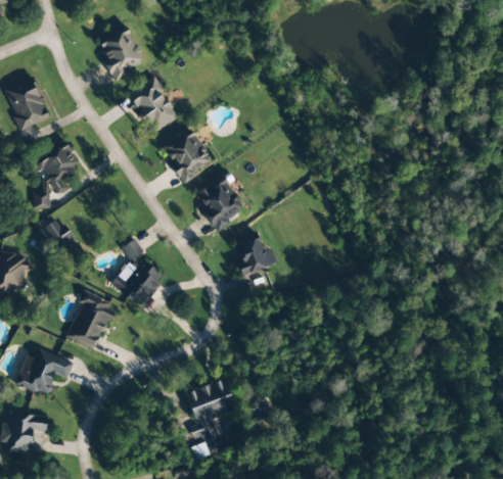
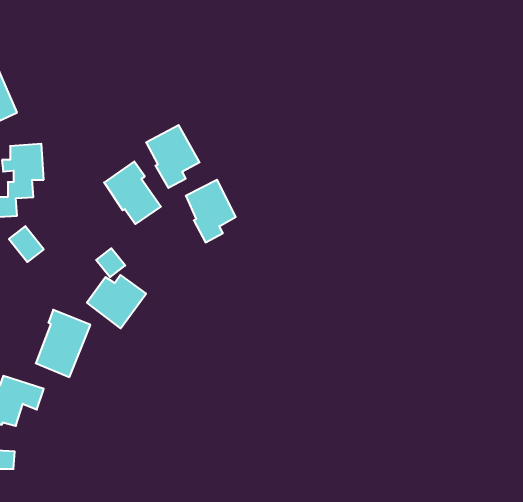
building: [97,27,144,81] -> none
building: [128,77,178,132] -> [104,161,161,224]
building: [233,239,277,275] -> none
building: [185,378,237,454] -> none

